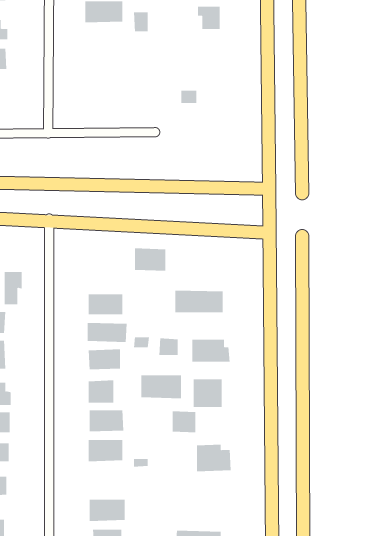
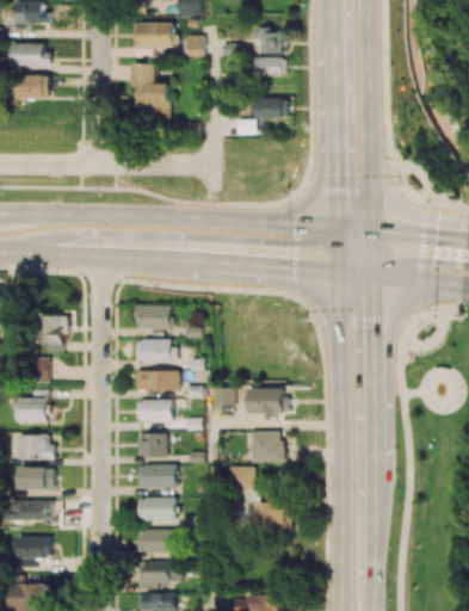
building: none -> [249,58,284,78]
building: none -> [131,63,168,119]
building: none -> [249,99,285,118]
building: [134,248,166,271] -> [137,306,172,331]
building: [175,290,223,313] -> none
building: [141,374,182,399] -> none
building: none -> [136,530,172,554]

